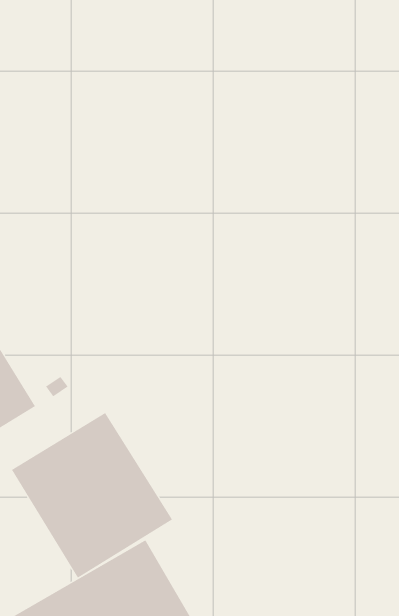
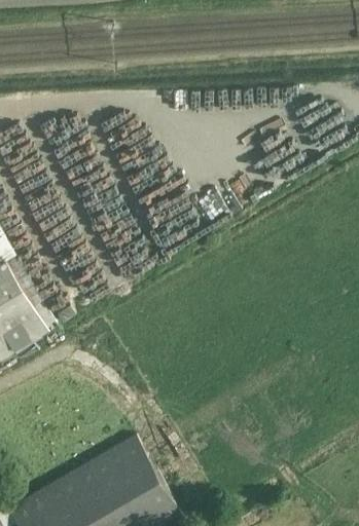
building: [11,412,173,578] -> none

